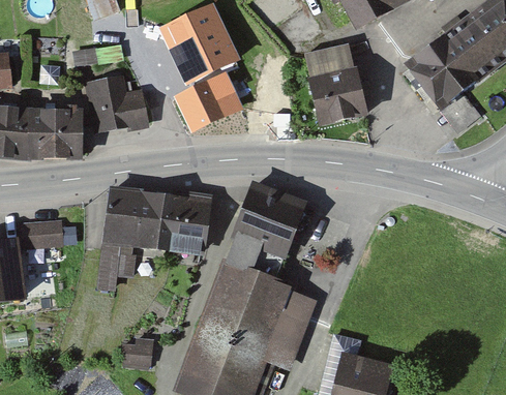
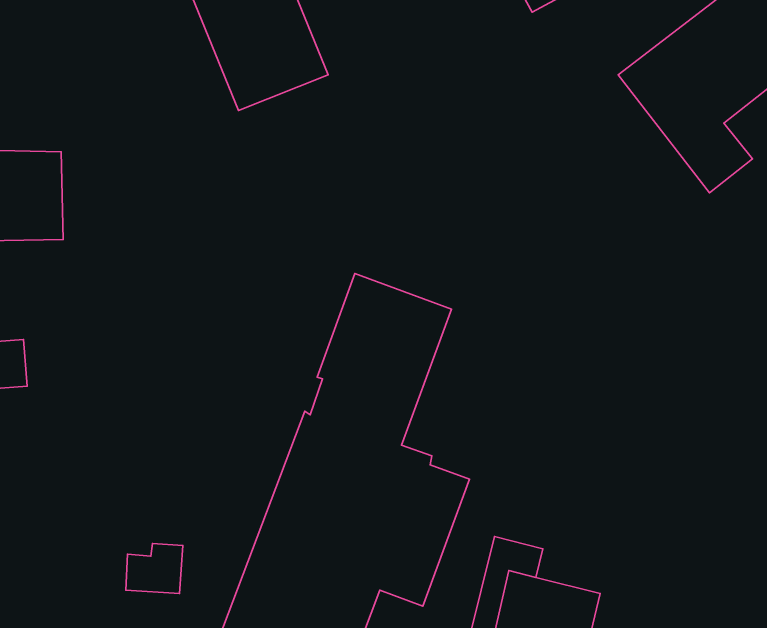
building: [304,41,368,127] -> none
building: [176,70,245,131] -> none
building: [85,73,149,131] -> none
building: [96,186,212,290] -> none

